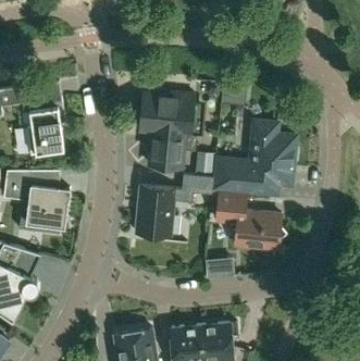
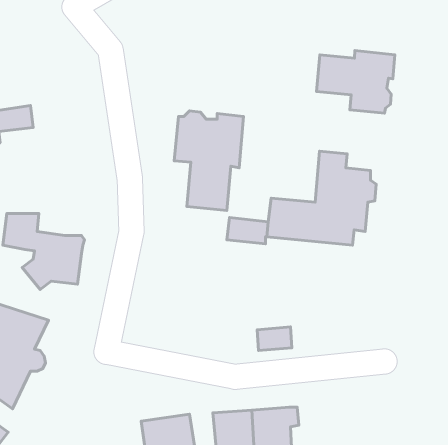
building: none -> [317,50,395,113]
building: [26,97,63,153] -> none
building: [135,185,174,235] -> none
building: [215,191,283,248] -> none

